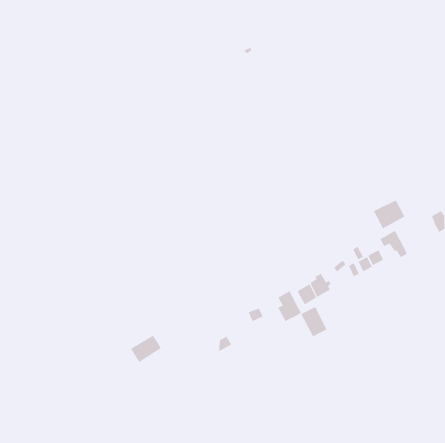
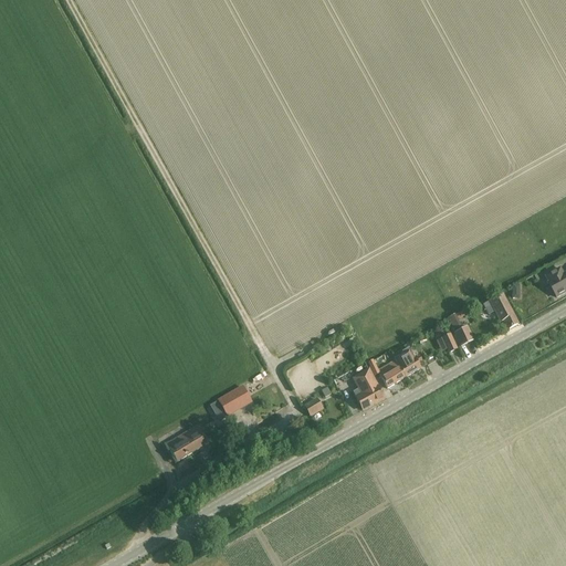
building: [373,199,405,229] -> none
building: none -> [216,385,250,416]
building: [300,306,328,337] -> none

